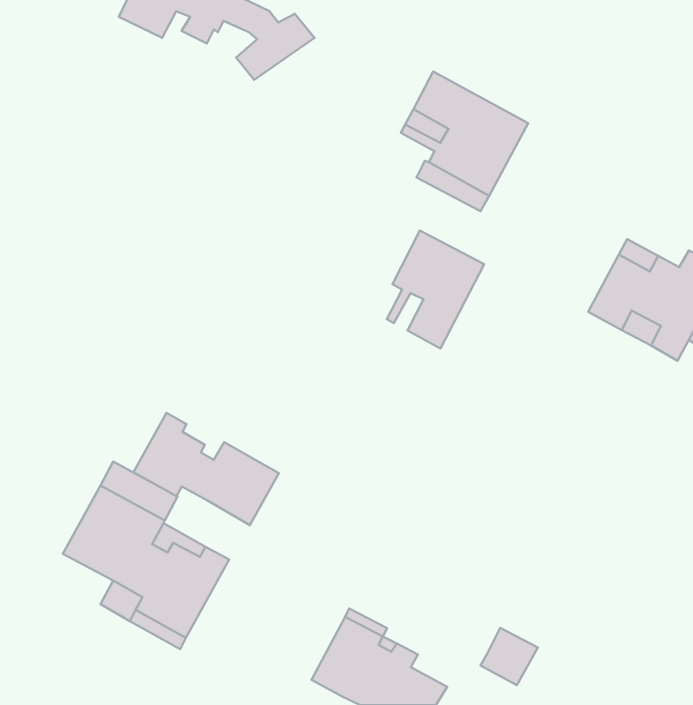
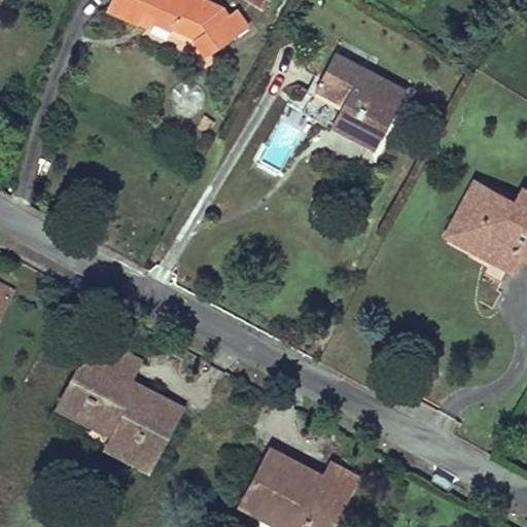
building: [387,230,484,348] -> none
building: [133,413,279,525] -> none
building: [481,628,538,685] -> [318,463,360,505]

